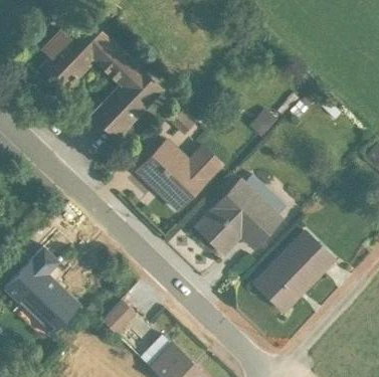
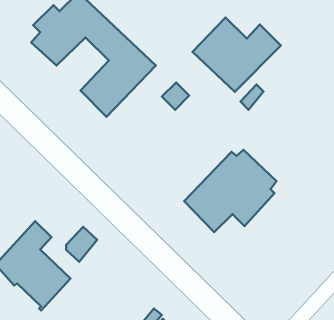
building: [135,137,223,211] -> [192,18,281,92]
building: [254,230,335,312] -> none
building: [105,301,136,336] -> [66,227,97,262]

